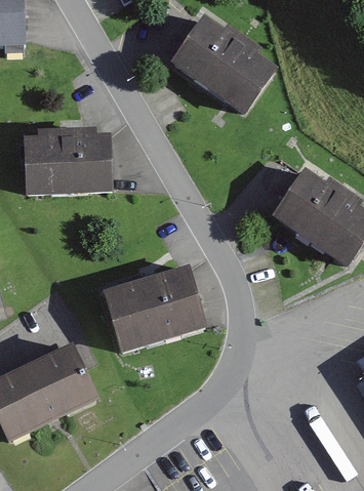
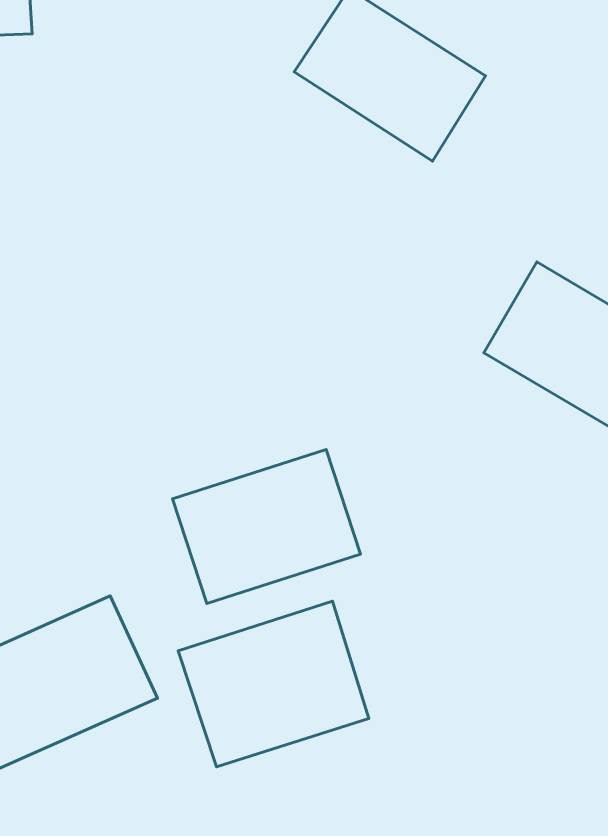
building: [25,129,111,192] -> none
building: none -> [178,601,369,767]

